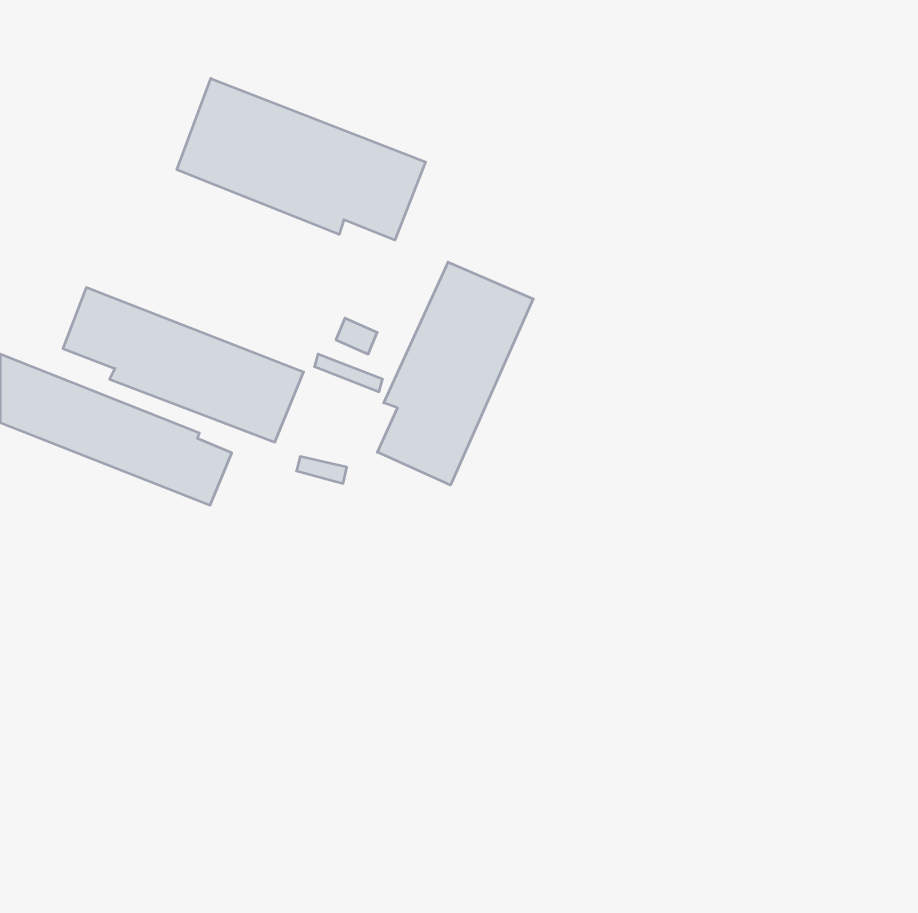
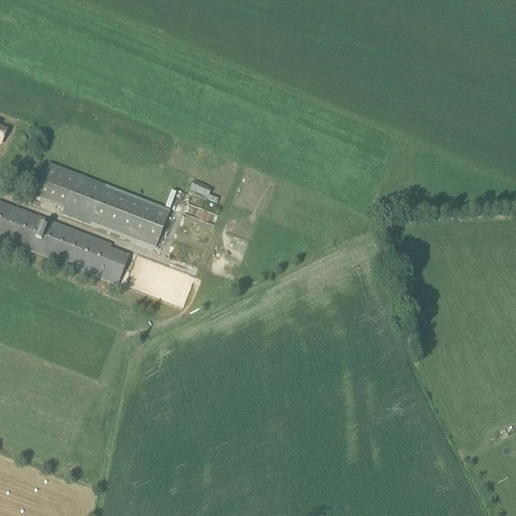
building: [177,78,426,240] -> none
building: [377,262,533,485] -> none

